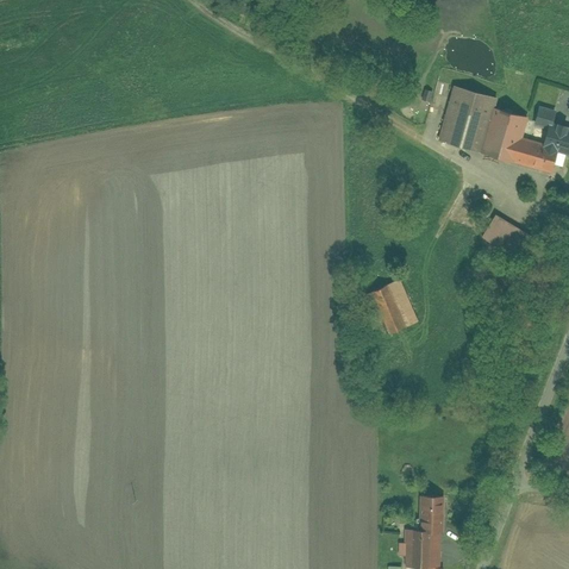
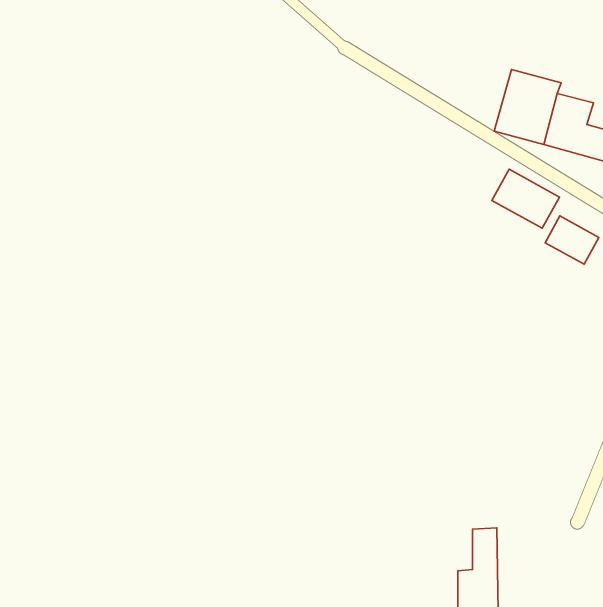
building: none -> [492,169,560,228]
building: [367,280,419,337] -> none

